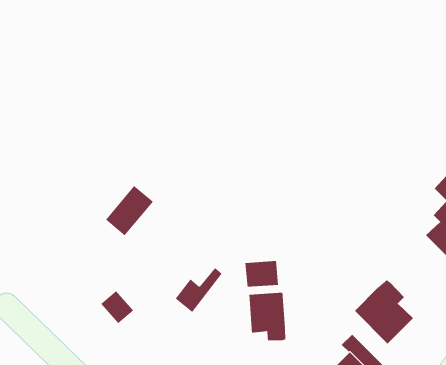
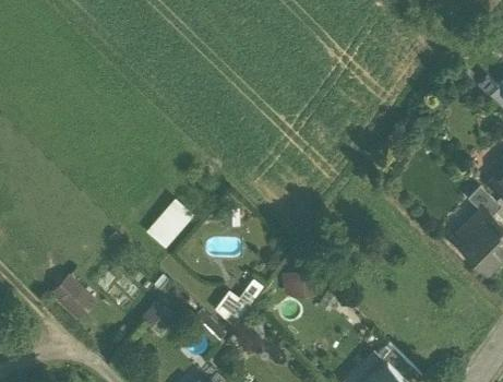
building: none -> [50,271,98,319]
building: [354,279,414,344] -> none
building: [249,292,286,341] -> none

